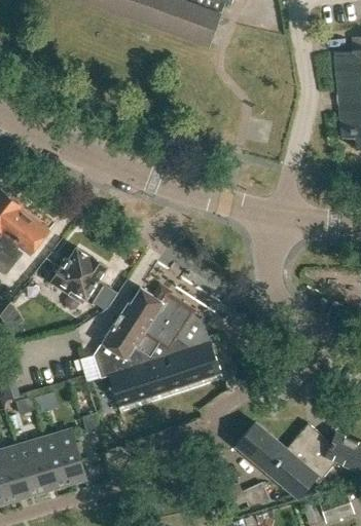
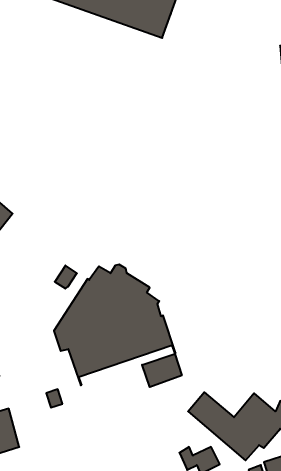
building: [50,249,105,300] -> none
building: none -> [142,354,182,387]
building: [43,433,83,482] -> none

